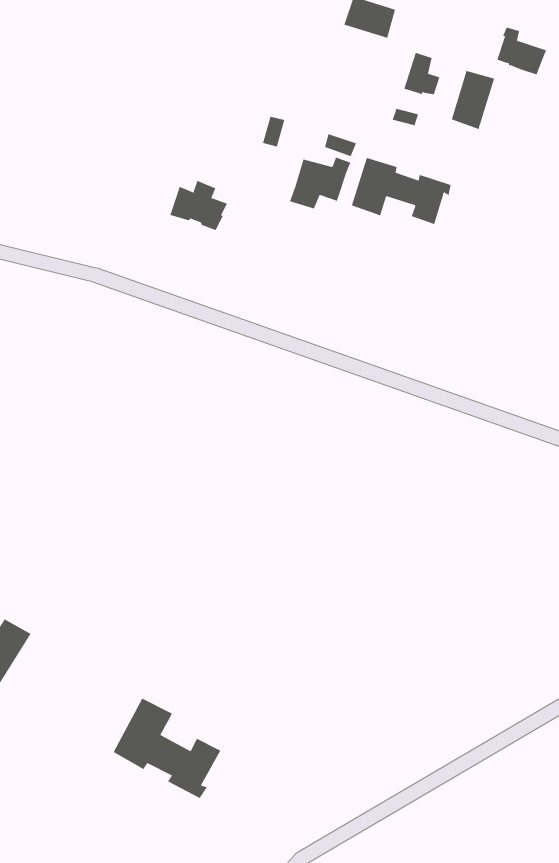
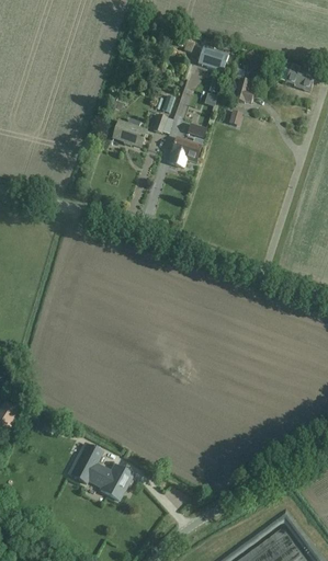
building: [451,70,495,130] -> none
building: [351,157,451,225] -> none
building: [170,180,228,231] -> [113,116,146,145]

